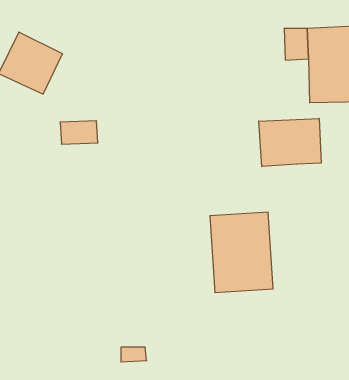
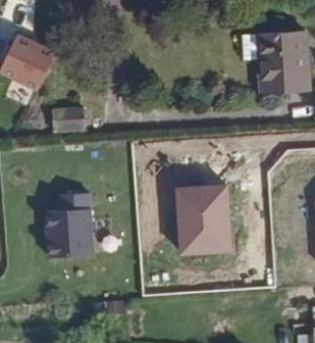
building: [259,118,321,167] -> none
building: none -> [48,192,94,256]

